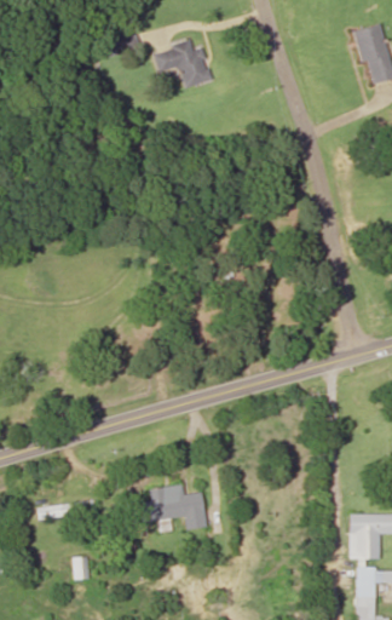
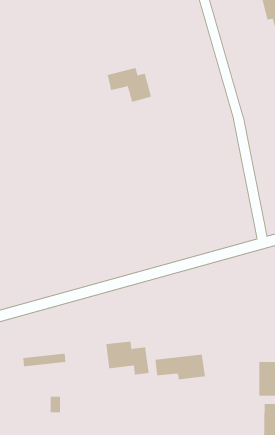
building: [154,41,213,87] -> [107,68,152,102]
building: none -> [155,354,206,380]

